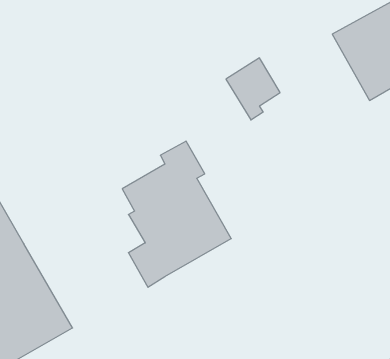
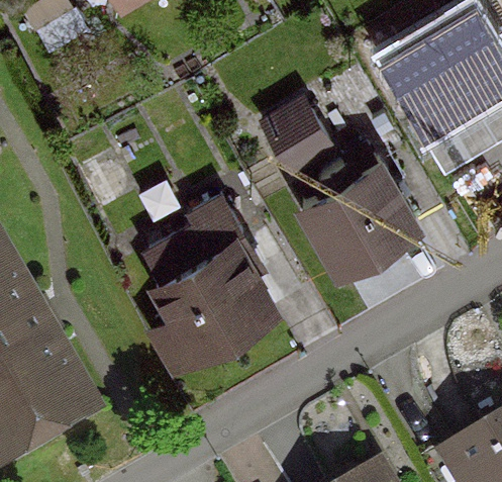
building: none -> [300,157,414,267]

